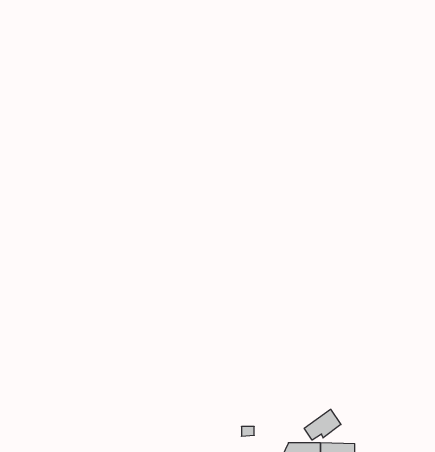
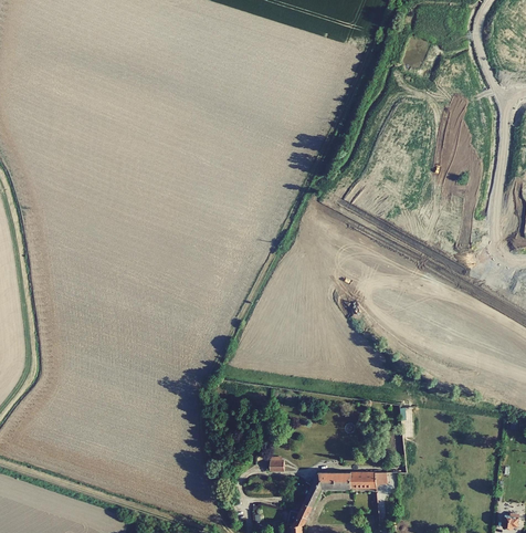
building: [304,409,341,440] -> none

